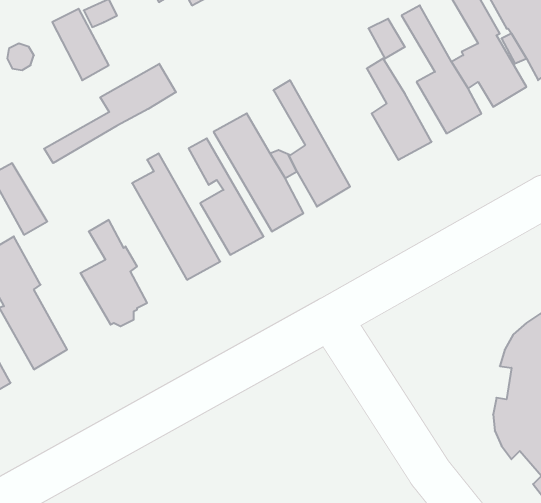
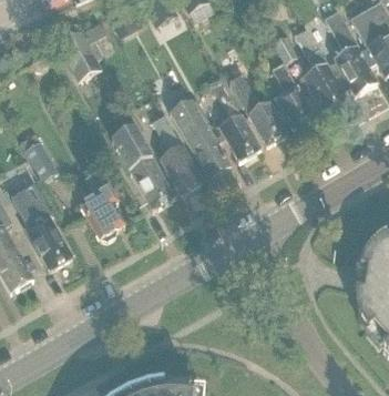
building: [44,64,176,163] -> none
building: none -> [227,71,286,143]

